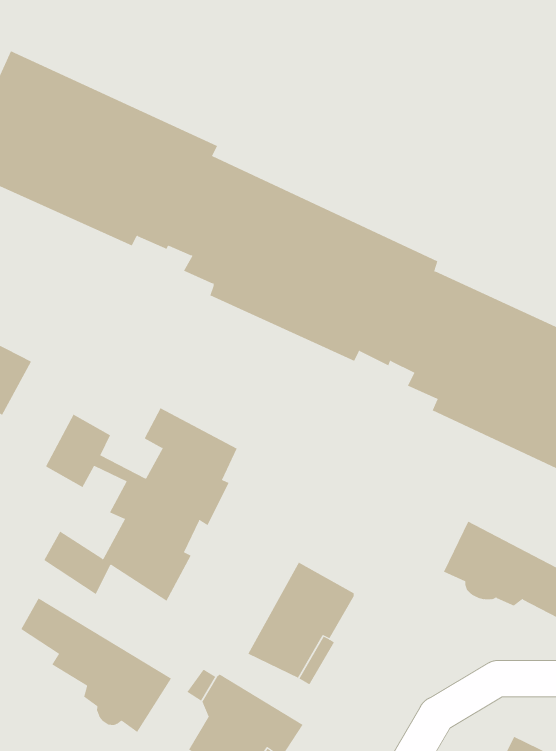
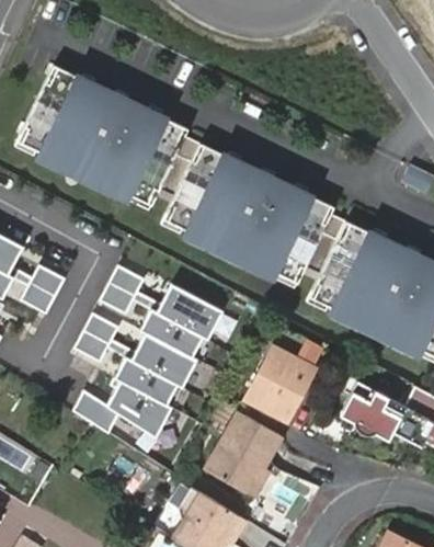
building: none -> [99,264,222,339]
building: none -> [243,345,311,418]
building: [21,597,172,733] -> none

